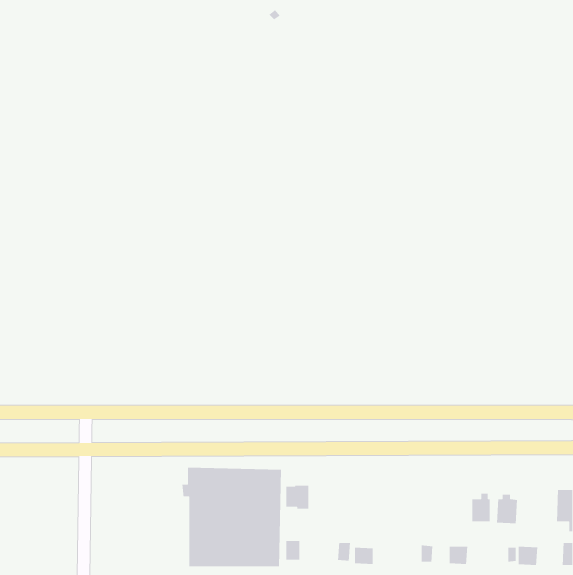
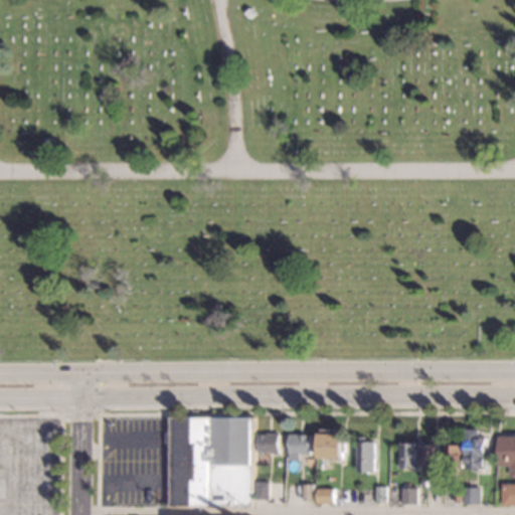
building: none -> [317,428,343,463]
building: none -> [464,430,487,472]
building: none -> [286,433,308,462]
building: none -> [357,437,374,472]
building: none -> [398,442,417,468]

